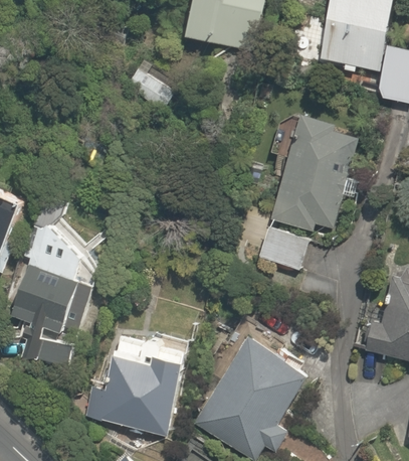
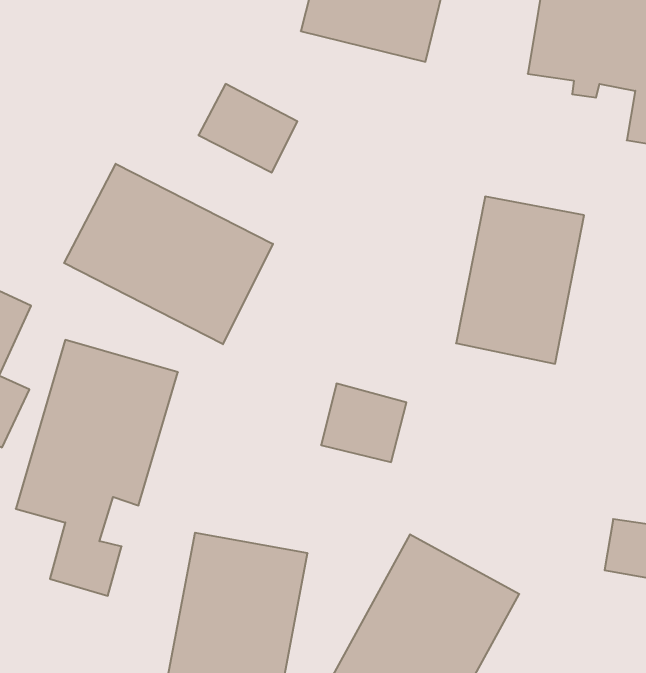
building: none -> [64,164,273,344]
building: [258,223,309,270] -> [321,384,406,462]

